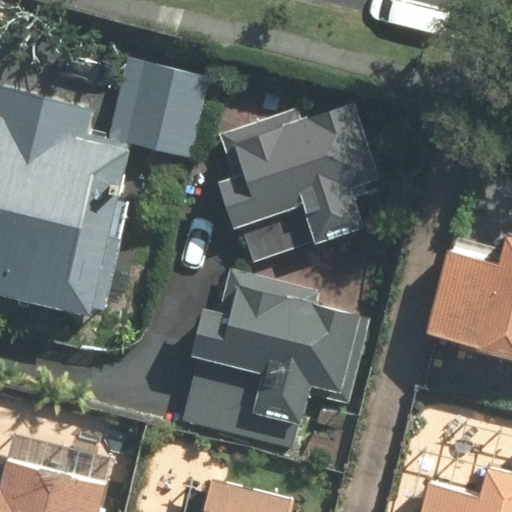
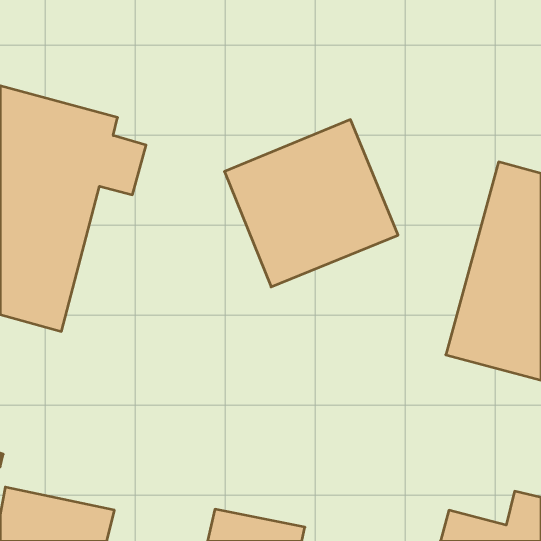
building: [135,48,219,165] -> none
building: [183,270,358,447] -> none

